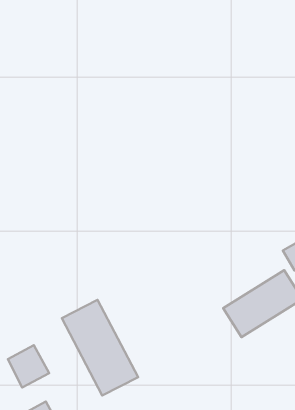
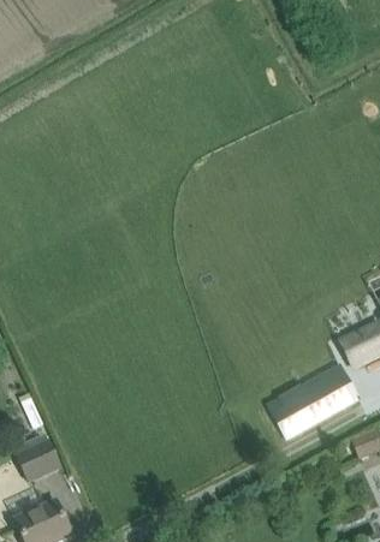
building: [62,300,138,395] -> none

